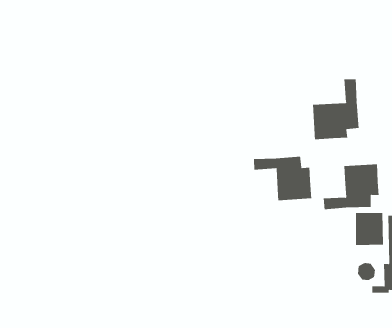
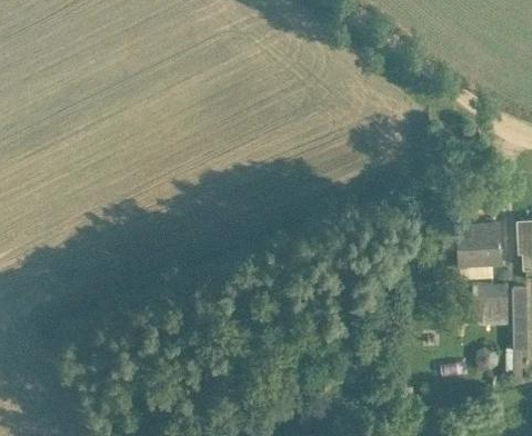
building: [312,78,359,140] -> none
building: [253,156,312,201] -> none

